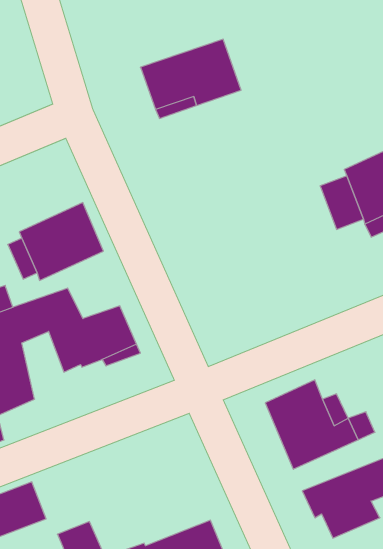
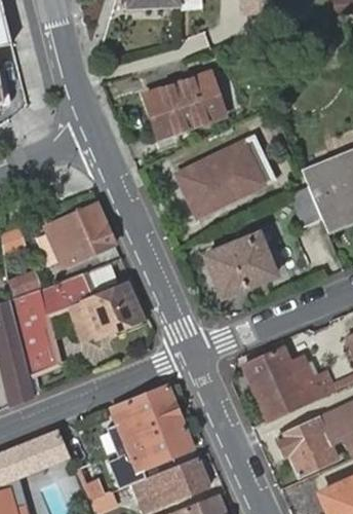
building: none -> [180,135,276,212]
building: none -> [206,233,275,296]
building: none -> [112,387,193,478]

